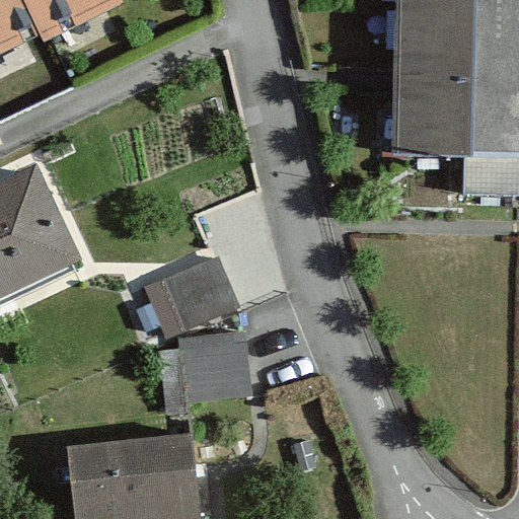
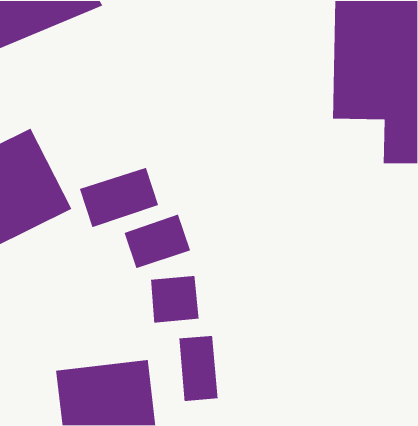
building: none -> [79,167,159,228]
building: none -> [179,335,219,402]

